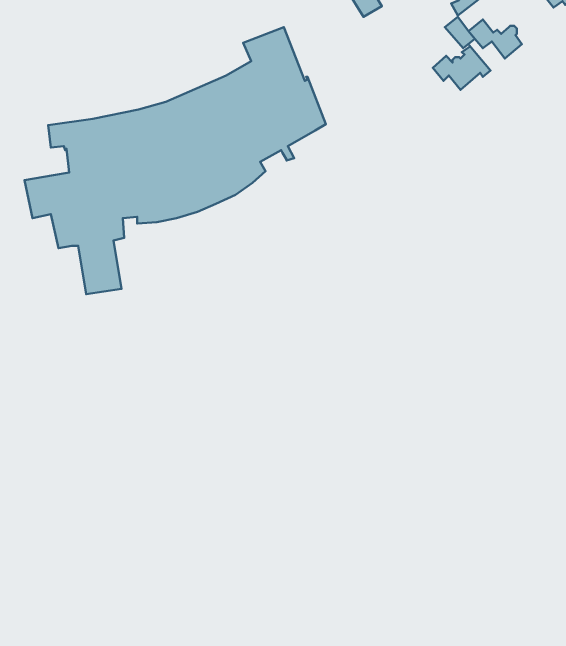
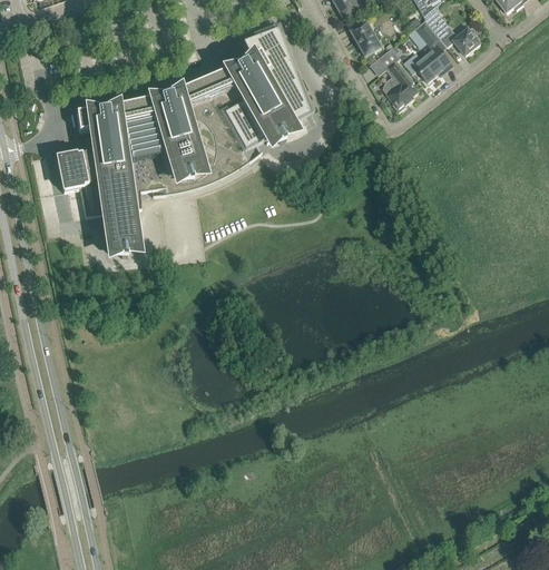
building: none -> [351,19,380,53]
building: none -> [376,45,416,108]

